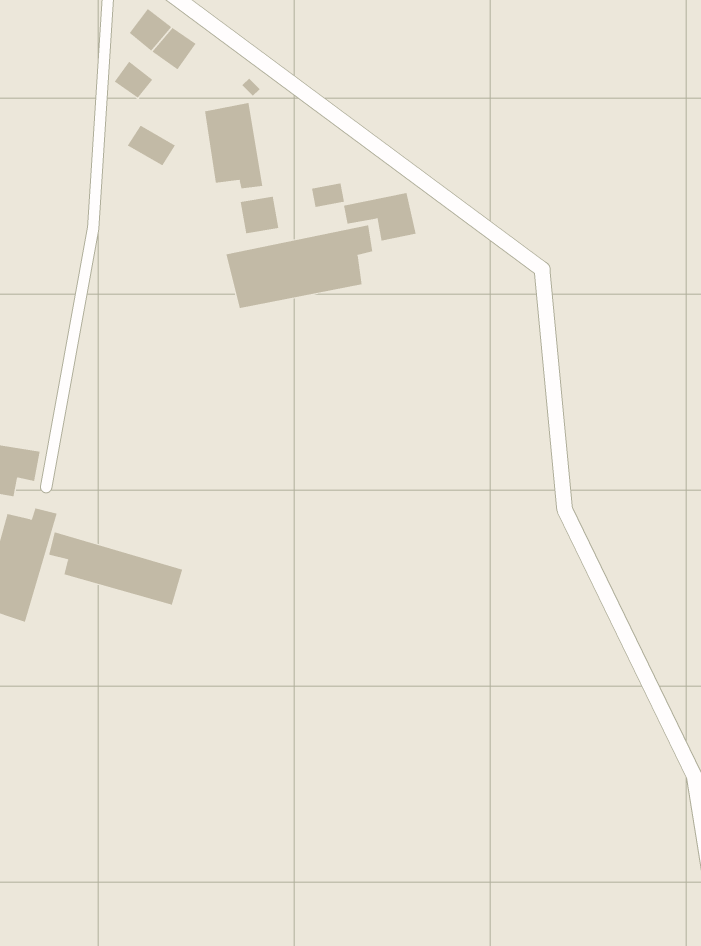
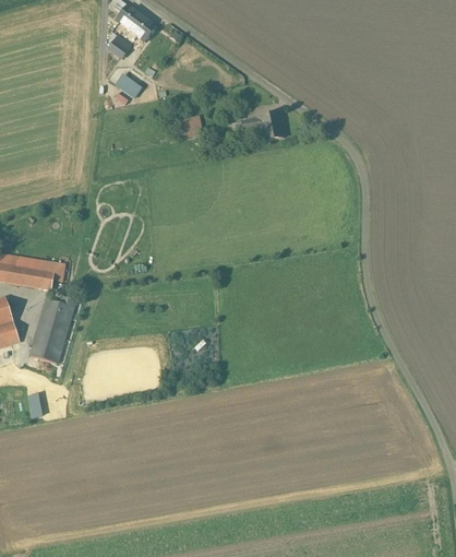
building: [205,102,263,189] -> none
building: [226,225,373,309] -> none
building: [48,531,183,605] -> none

